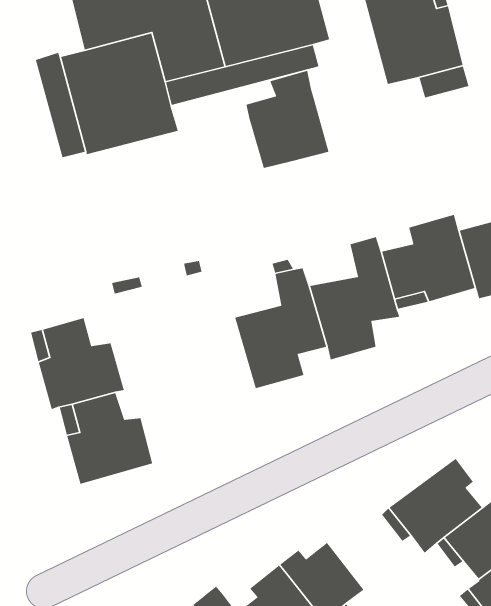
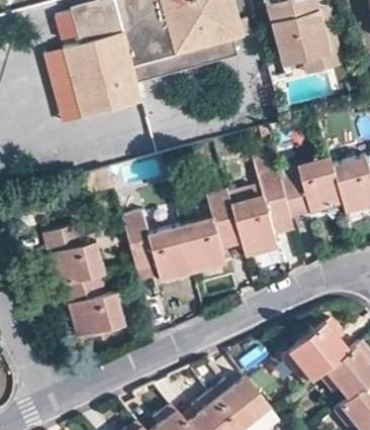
building: [245,70,330,169] -> none
building: none -> [123,210,195,282]

